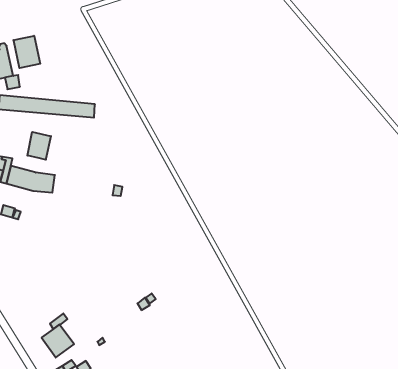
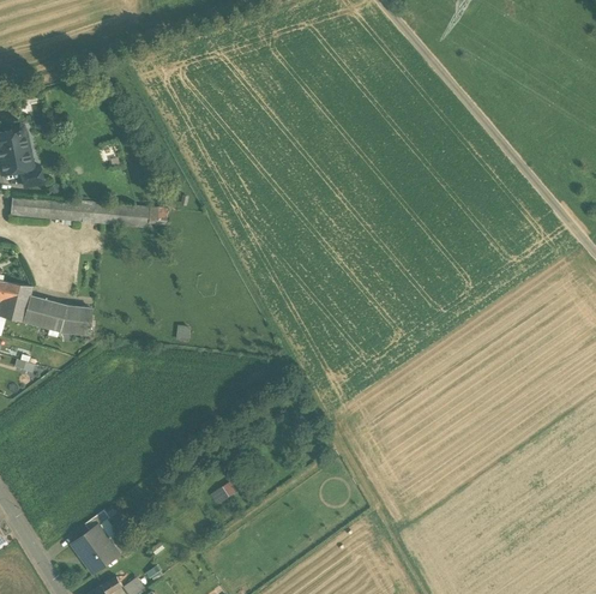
building: [13,36,40,68] -> none
building: [27,132,51,160] -> none

